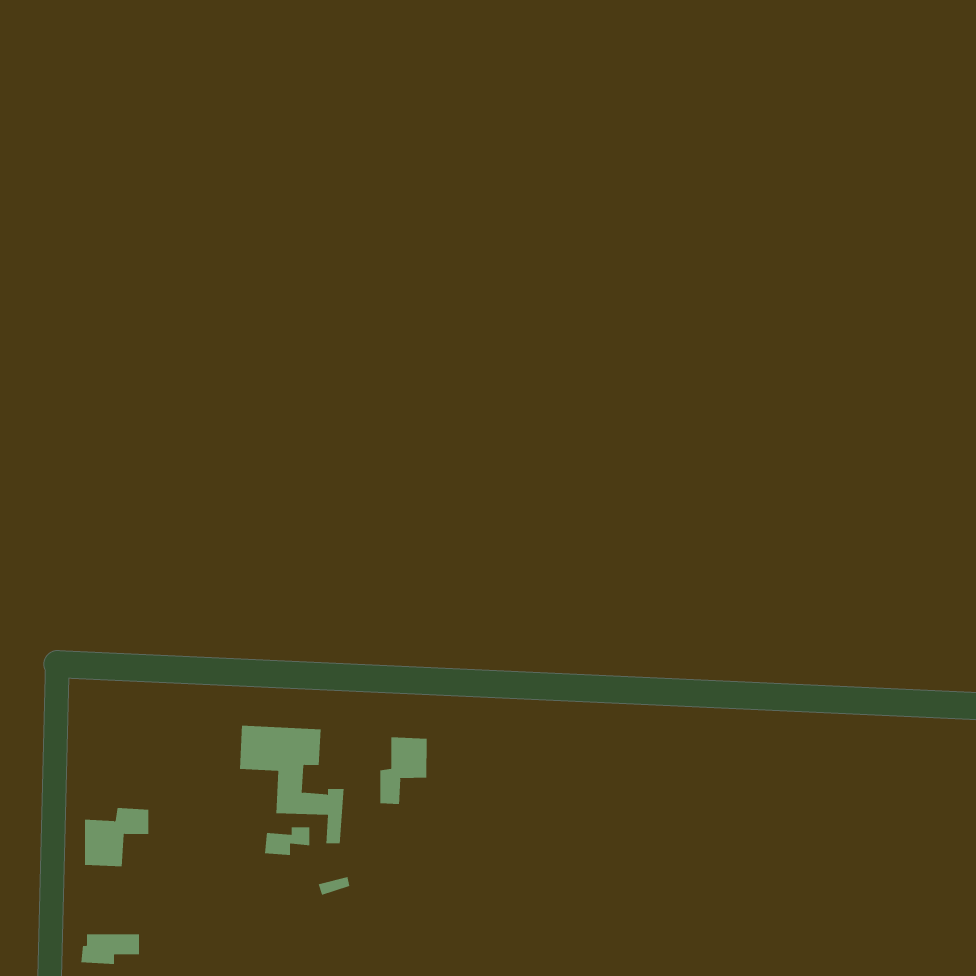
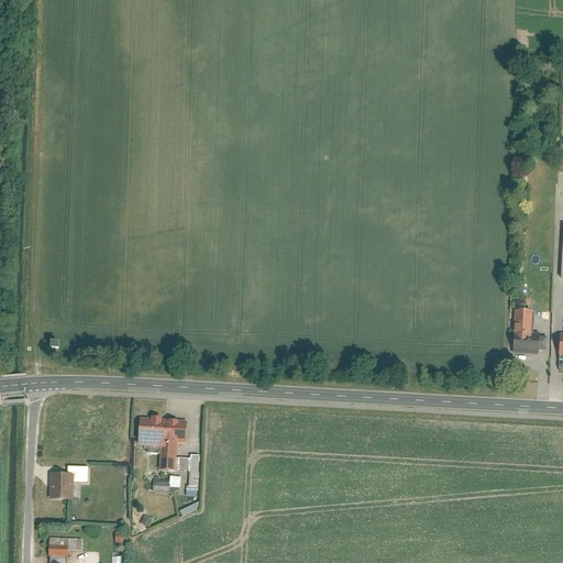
building: none -> [511,309,539,352]
building: [380,736,427,805] -> none

